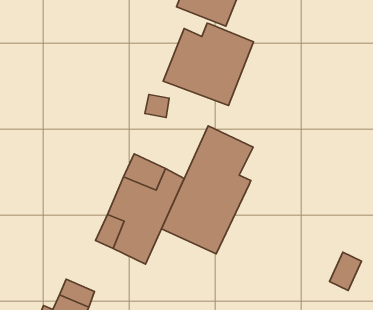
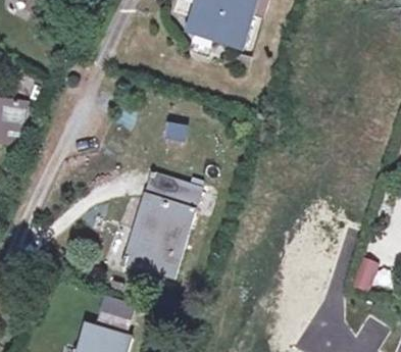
building: [163,23,253,106] -> none
building: [162,126,253,254] -> none

